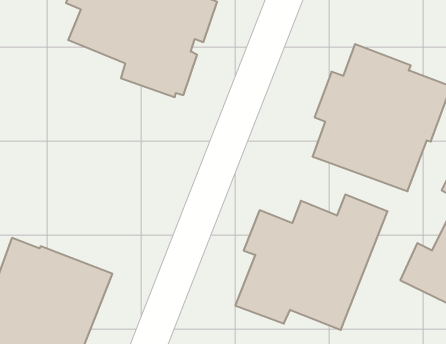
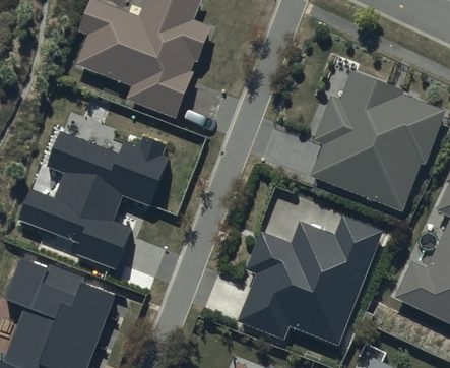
building: none -> [18,129,169,268]

